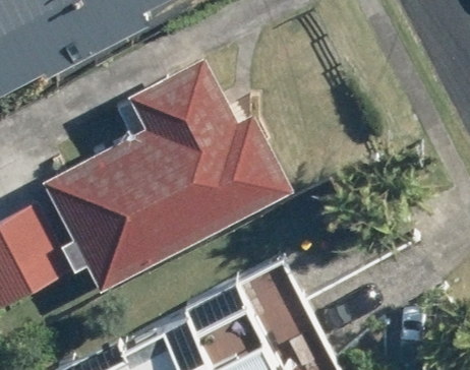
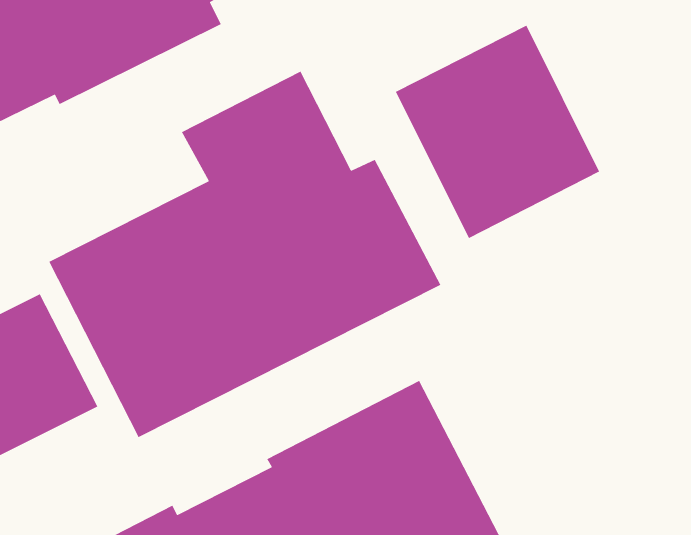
building: none -> [395,24,600,239]

